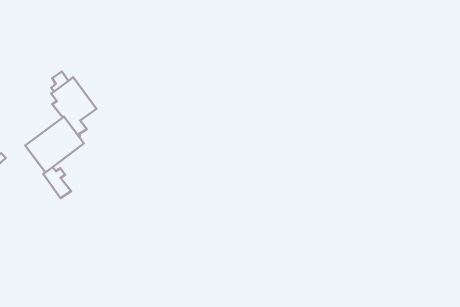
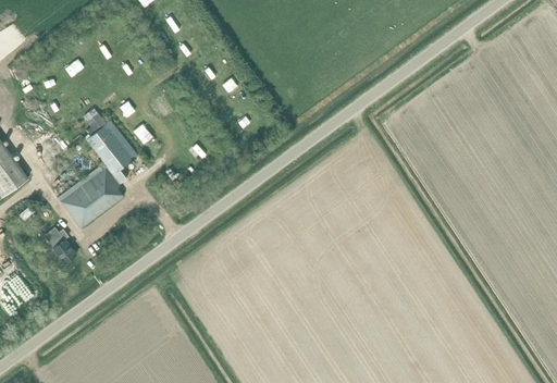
building: [43,167,71,198] -> [44,228,75,263]

